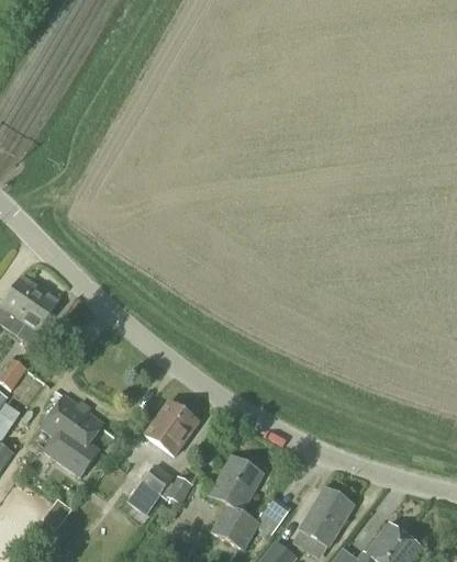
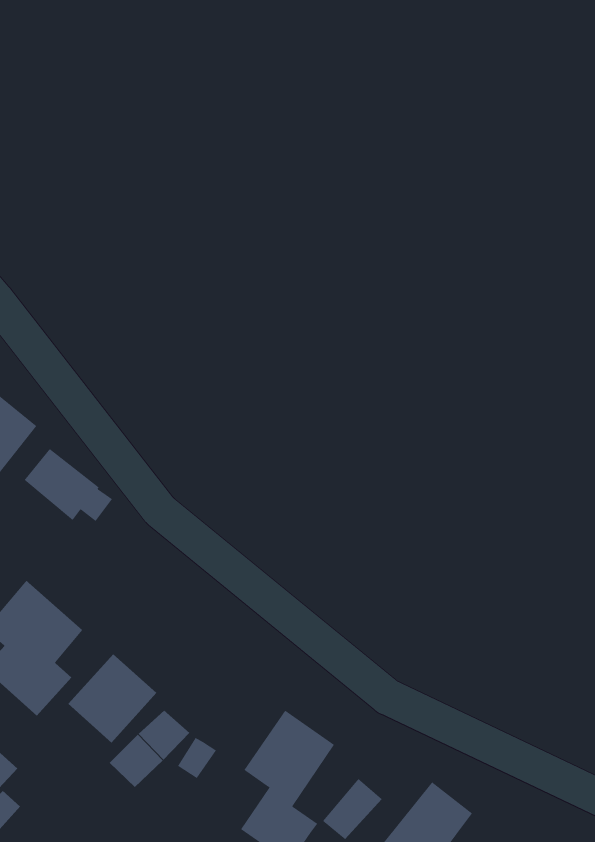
building: none -> [24,448,113,522]
building: [145,400,199,454] -> [67,653,157,743]

